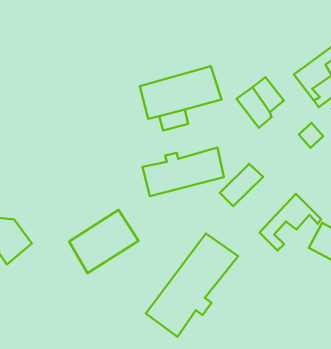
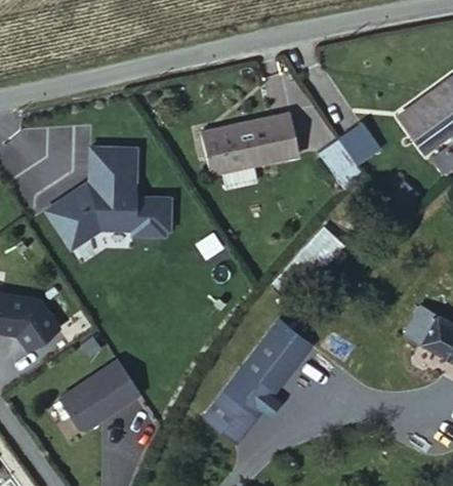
building: none -> [45,148,176,255]
building: [143,147,224,196] -> none
building: [259,194,321,250] -> none
building: [69,210,138,273] -> [58,360,143,438]

